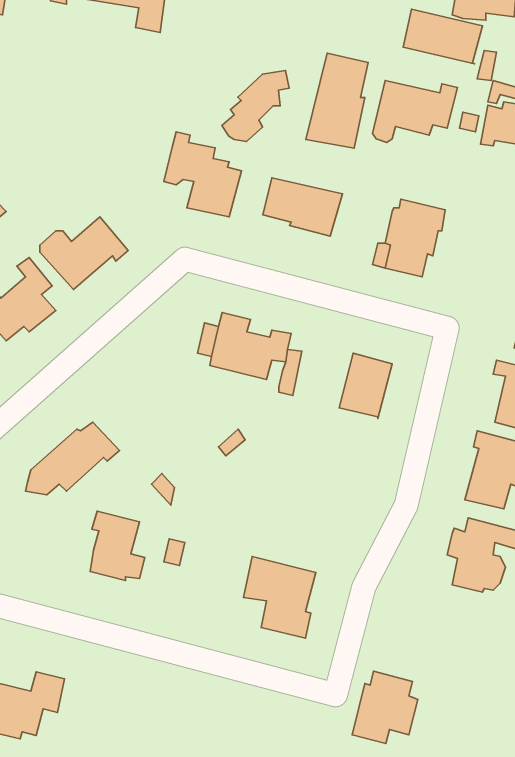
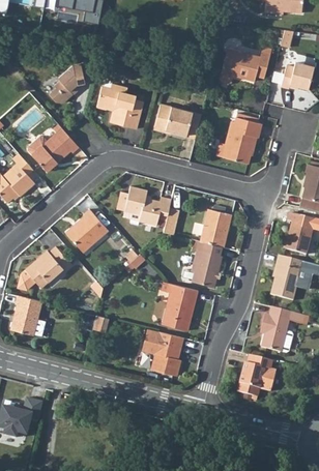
building: [403,9,483,64] -> none
building: [306,53,368,148] -> none
building: [222,71,289,141] -> [49,65,88,107]
building: none -> [65,209,108,254]
building: none -> [194,241,223,287]
building: none -> [163,283,199,329]
building: [90,511,145,580] -> [14,297,47,337]
building: [352,671,418,744] -> [240,353,279,395]

